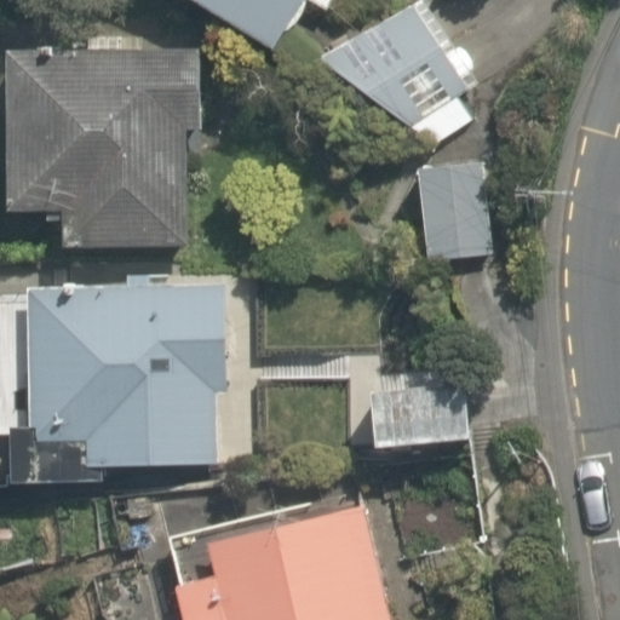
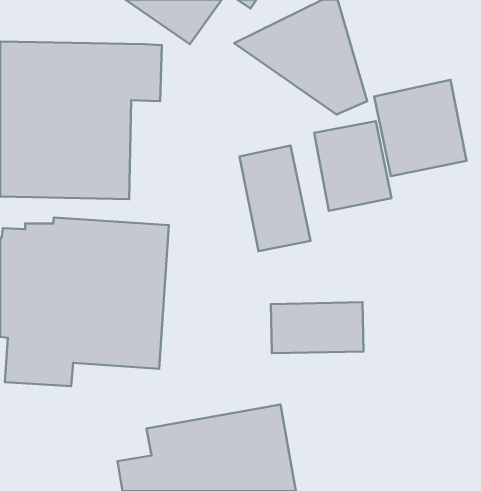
building: none -> [374,80,467,176]
building: none -> [240,145,311,251]

